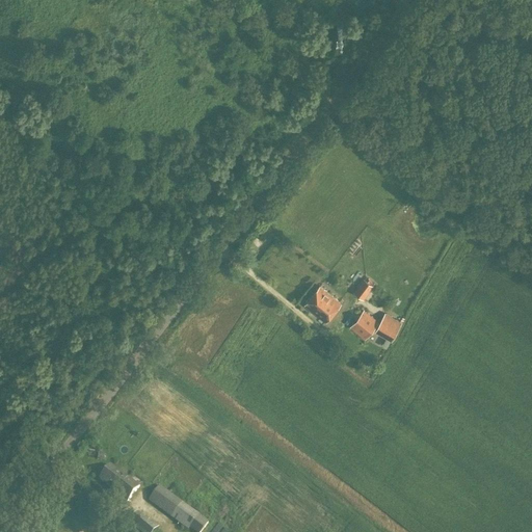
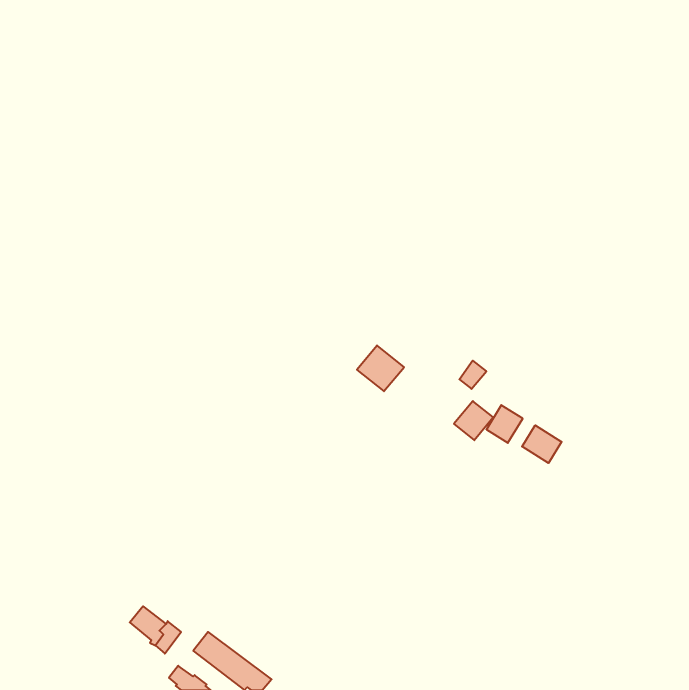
building: [305,286,342,321] -> [357,345,404,391]
building: none -> [522,425,562,463]

